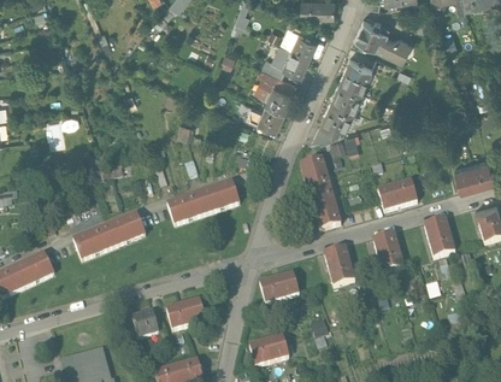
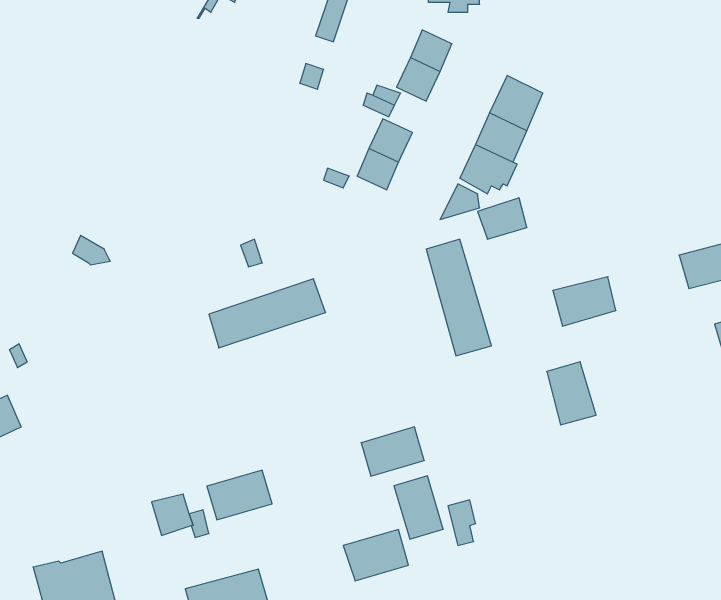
building: [354,18,408,58] -> none
building: [72,213,145,260] -> none
building: [424,218,455,257] -> none
building: [324,247,354,286] -> [394,476,443,539]

